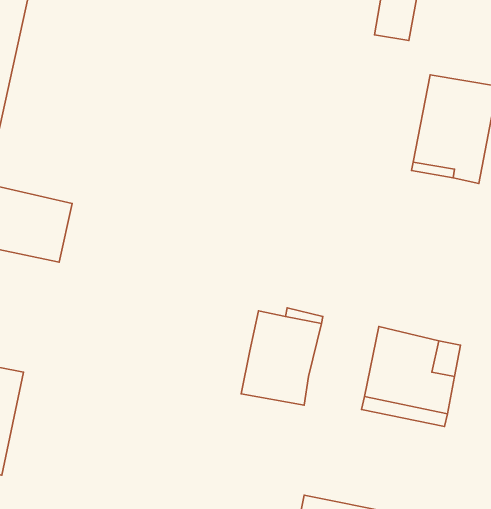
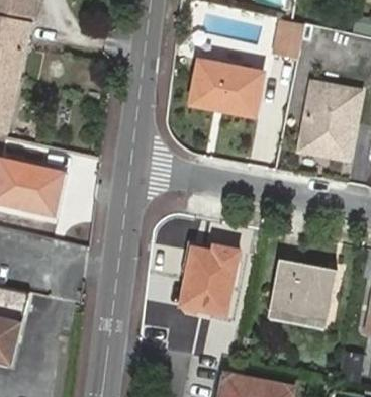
building: none -> [192,59,264,113]

